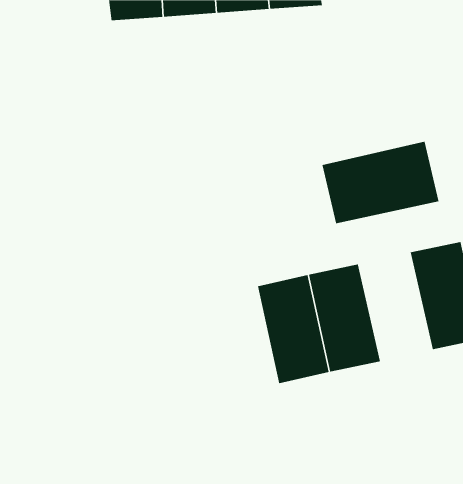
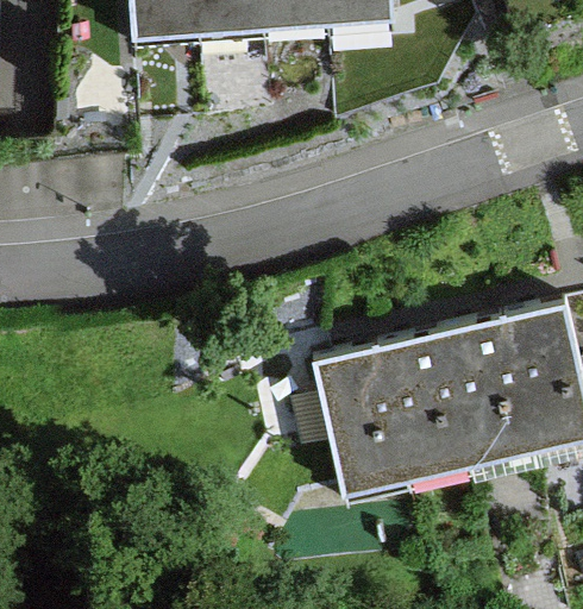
building: [322,141,439,224] -> none
building: none -> [441,321,532,456]

